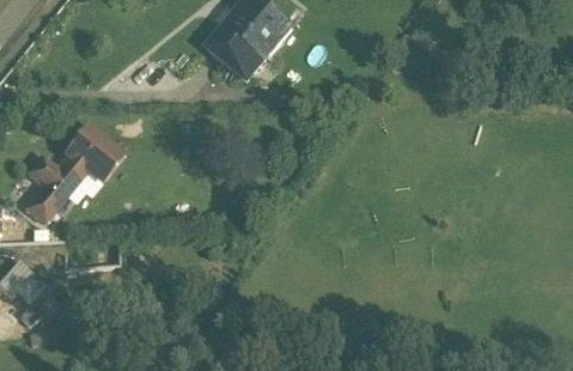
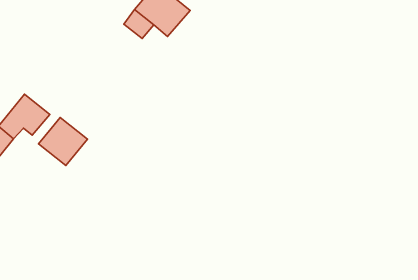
building: none -> [39,117,87,166]

